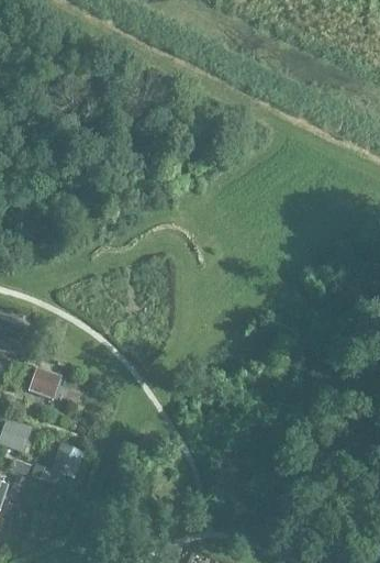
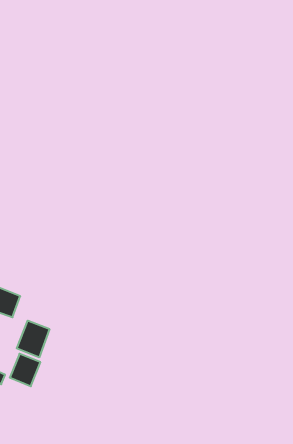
building: none -> [17,321,49,357]

